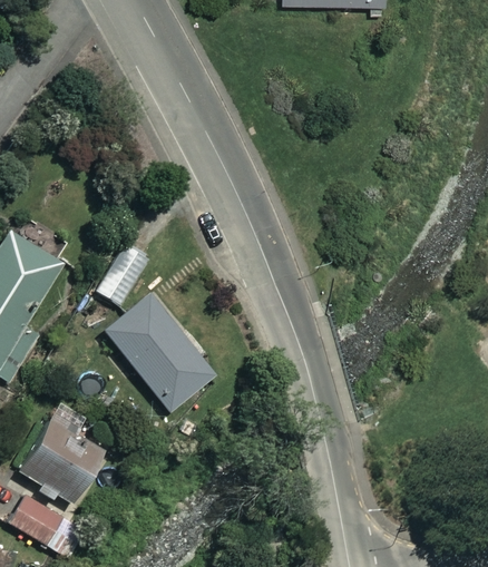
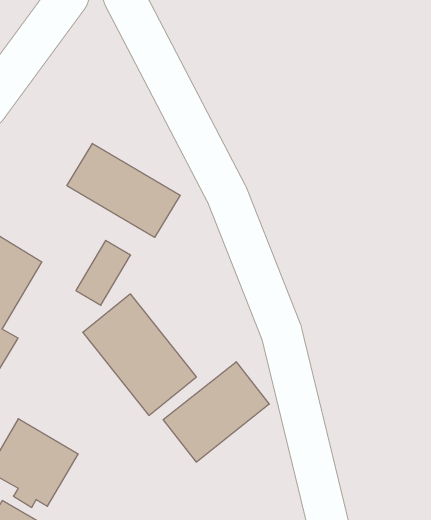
building: none -> [67,143,180,237]
building: none -> [163,362,269,462]

